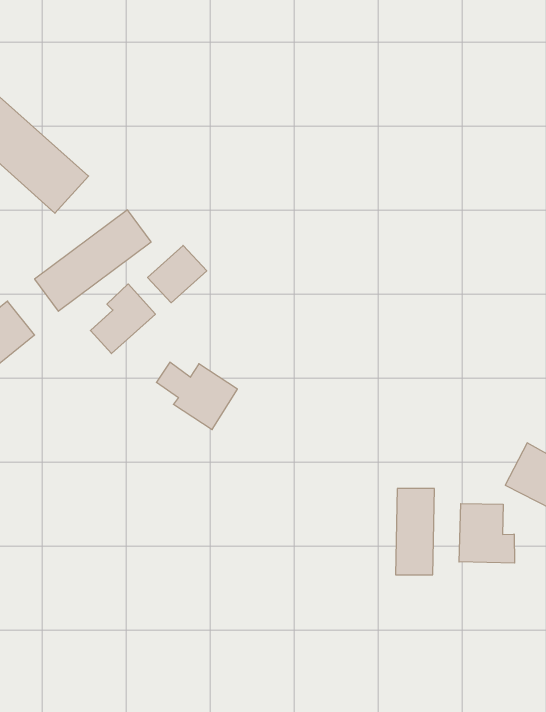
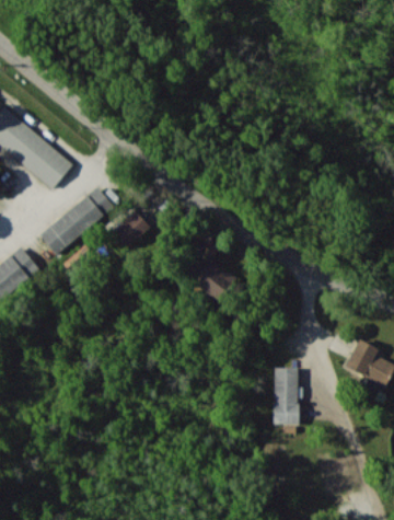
building: [90,284,155,354] -> none
building: [156,362,237,430] -> [184,258,236,302]
building: [459,504,515,563] -> none

